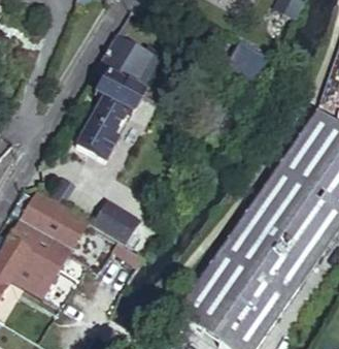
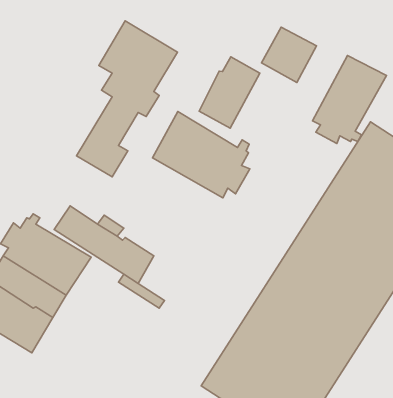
building: none -> [312,56,386,144]
building: none -> [199,57,260,128]
building: none -> [152,111,250,198]

